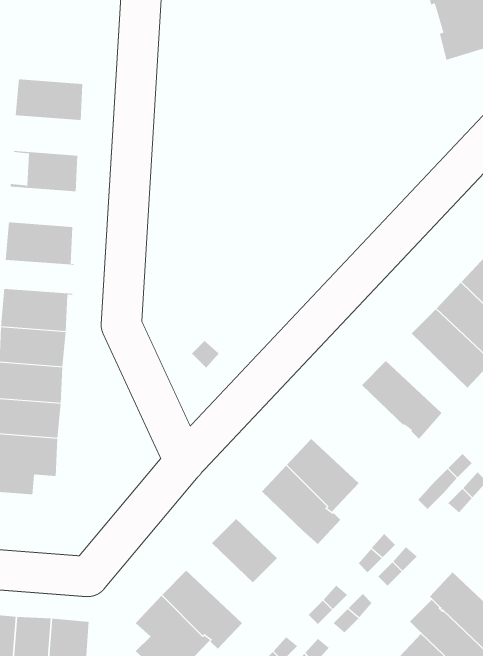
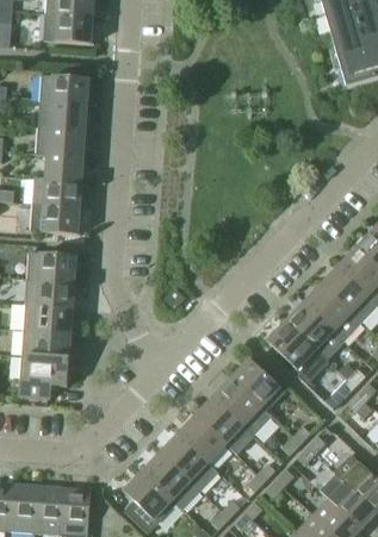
building: none -> [39,74,91,105]
building: none -> [36,127,85,156]
building: none -> [32,179,81,207]
building: none -> [303,283,361,341]
building: none -> [267,320,329,385]
building: none -> [196,396,243,444]
building: none -> [160,433,217,491]

